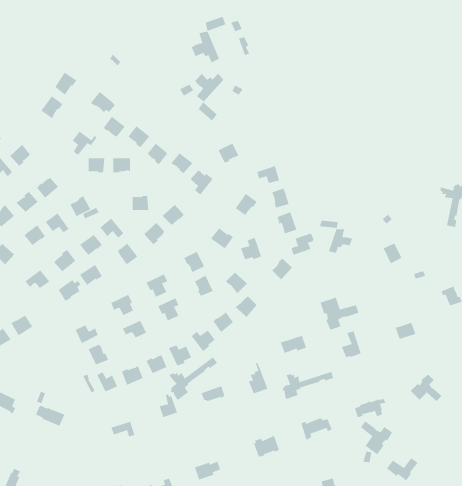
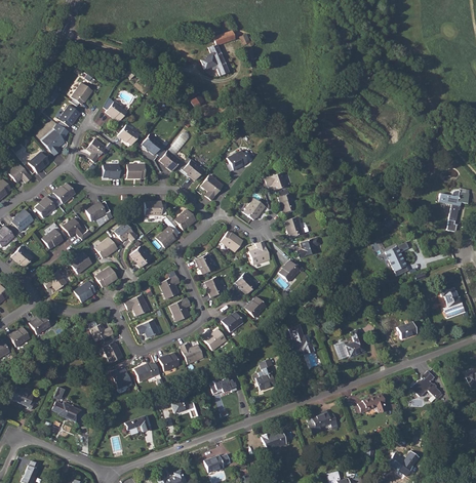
building: [194,73,224,122] -> none
building: none -> [41,123,68,155]
building: [319,220,353,254] -> none
building: [320,297,359,330] -> none
building: [168,357,218,400] -> none
building: [282,371,334,399] -> none
building: [360,421,393,455] -> none

